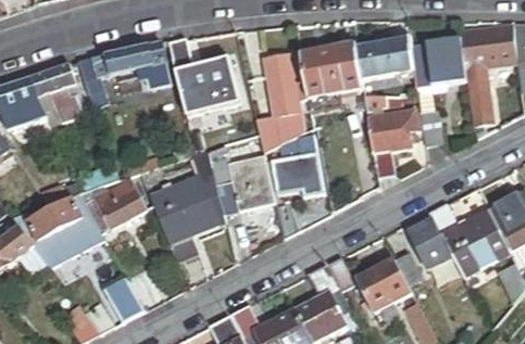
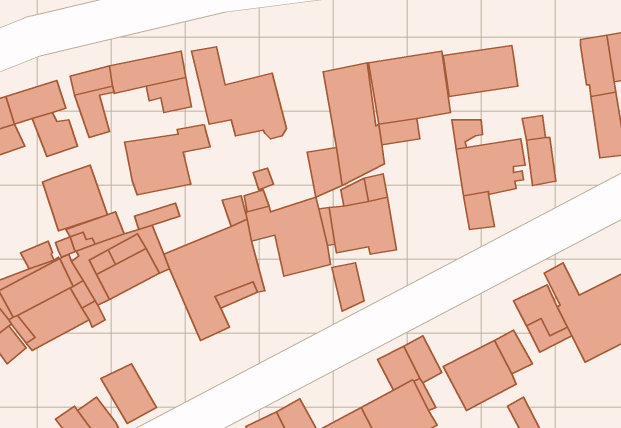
building: [408,40,464,89] -> none
building: none -> [125,125,210,195]
building: none -> [42,165,107,231]

